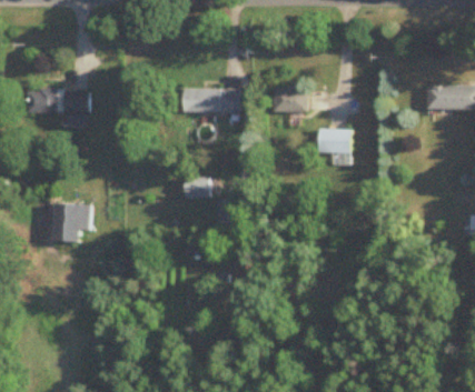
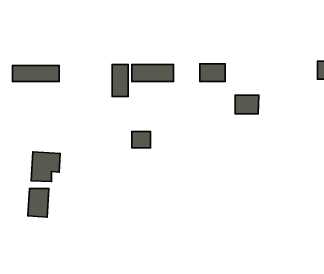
building: none -> [112,64,128,96]
building: none -> [28,188,49,217]

